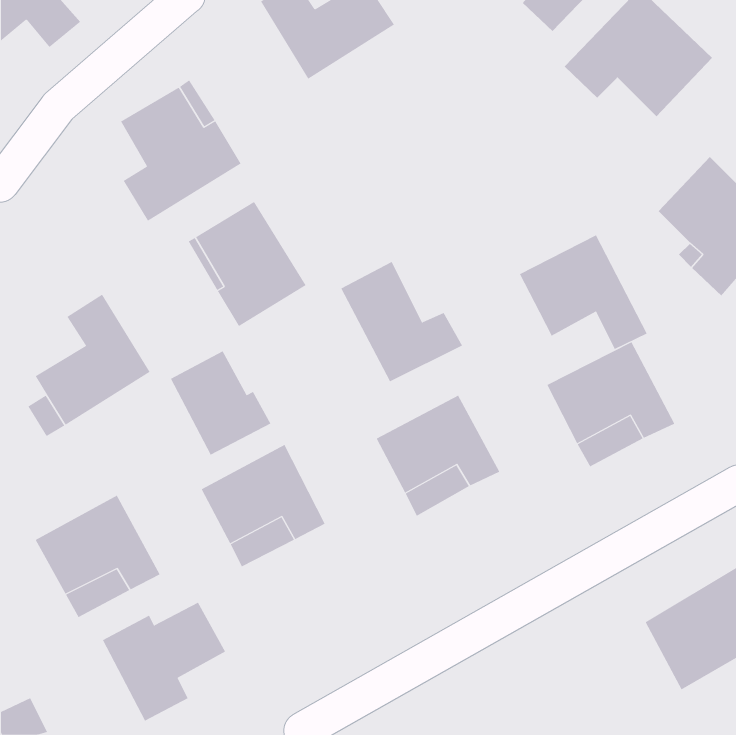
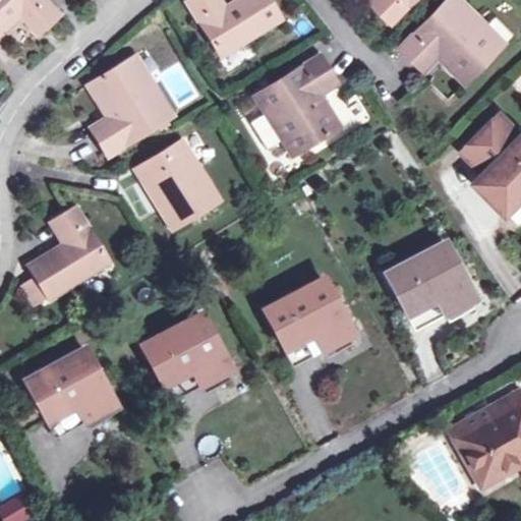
building: none -> [252,53,340,156]
building: [519,235,648,350] -> none
building: [340,261,463,382] -> none
building: [170,350,271,456] -> none
building: [102,602,226,722] -> none

